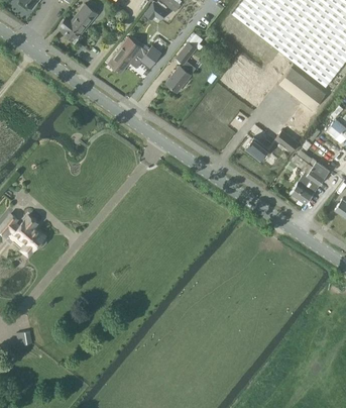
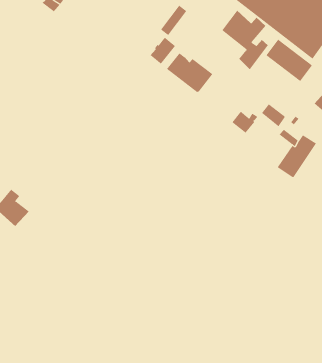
building: [109,37,162,74] -> none
building: none -> [221,10,269,70]
building: none -> [166,53,213,93]

